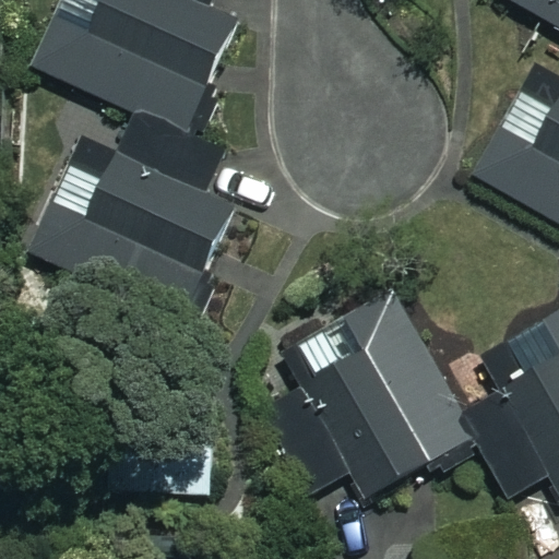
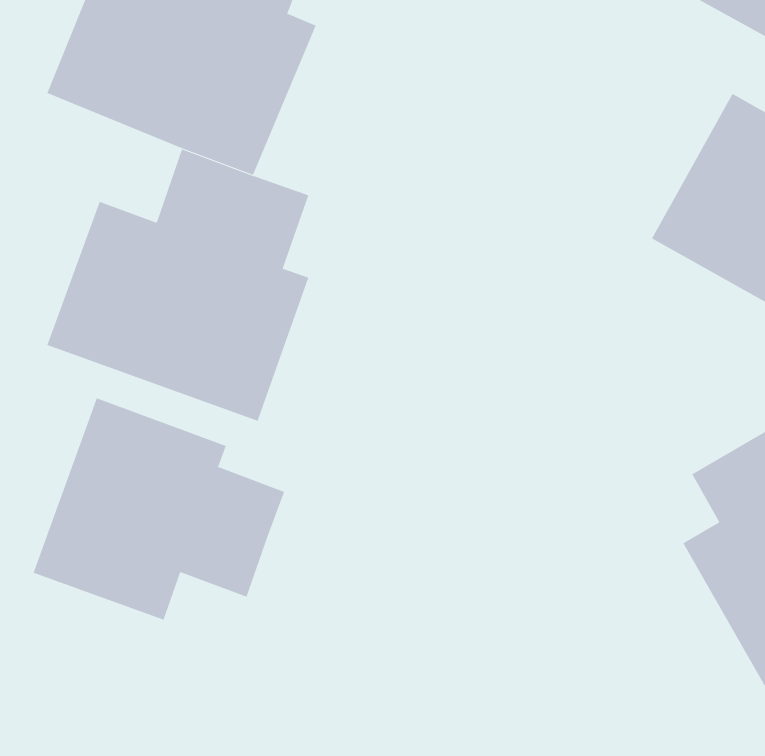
building: none -> [33,398,285,620]
building: [277,326,471,512] -> none

